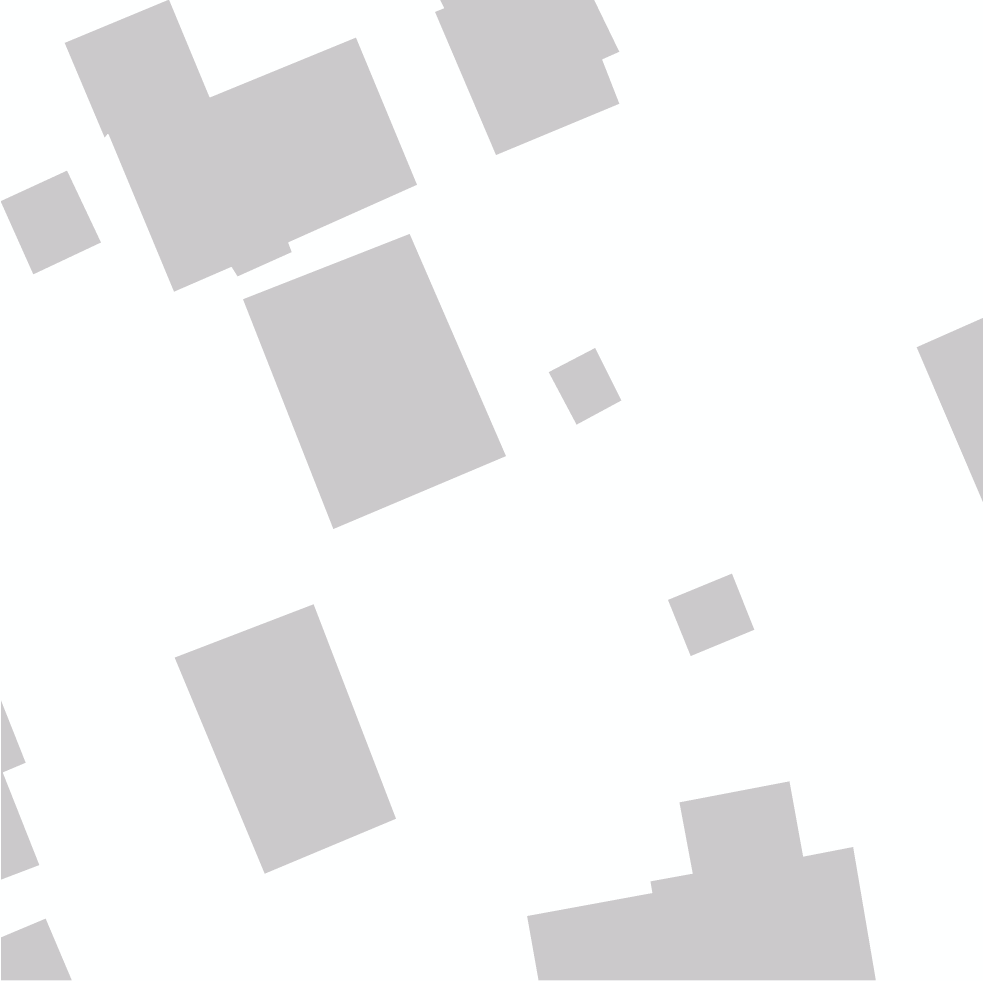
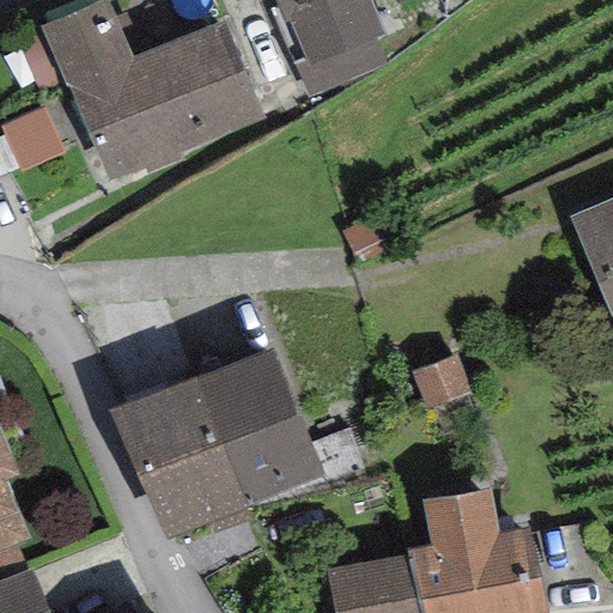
building: [242,233,507,530] -> none
building: none -> [196,344,327,509]

